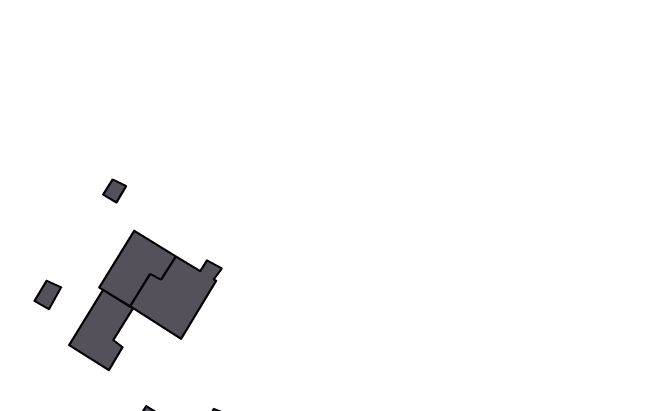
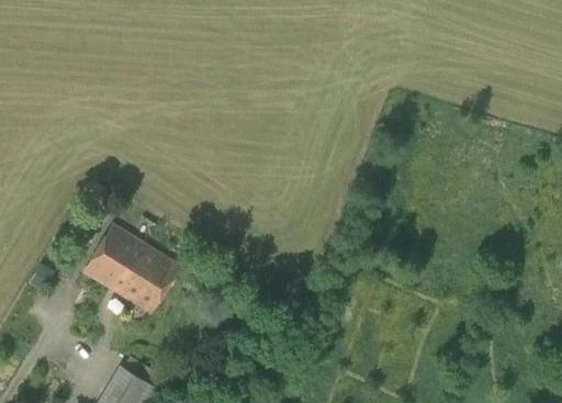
building: [69,290,133,370] -> none

